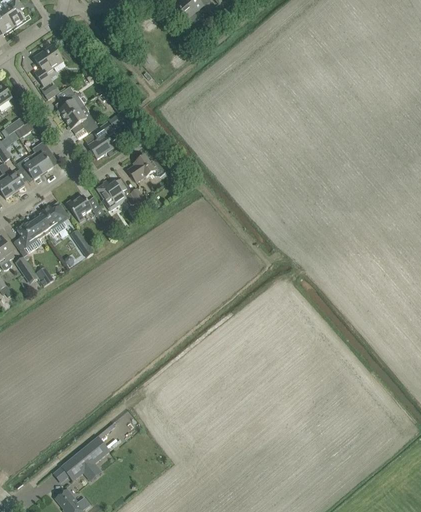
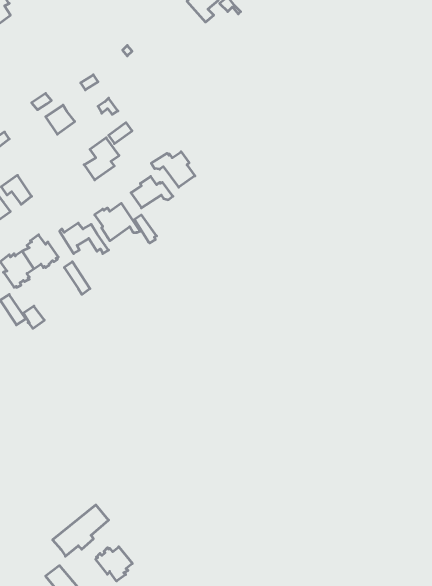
building: [33,45,62,85] -> none
building: [64,105,97,133] -> none
building: none -> [151,152,195,187]
building: [30,140,52,172] -> none
building: none -> [96,547,132,581]

